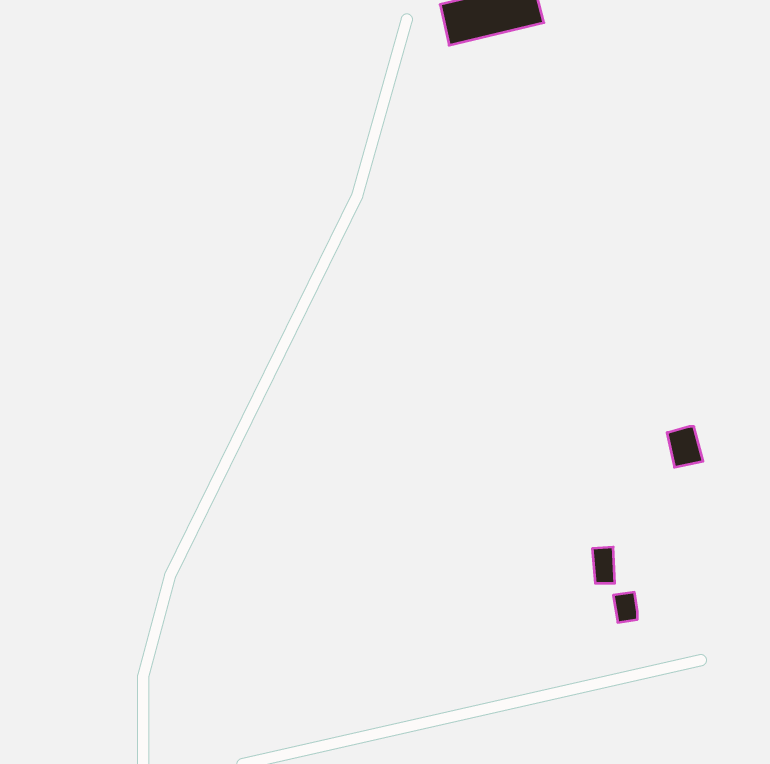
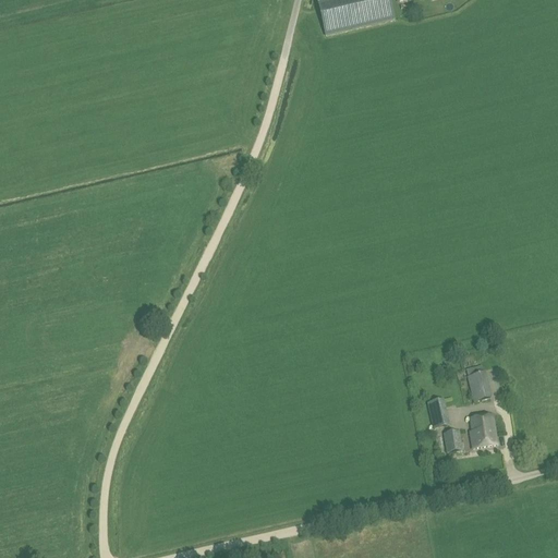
building: [667,427,703,467] -> [466,369,493,399]
building: none -> [470,412,497,446]

